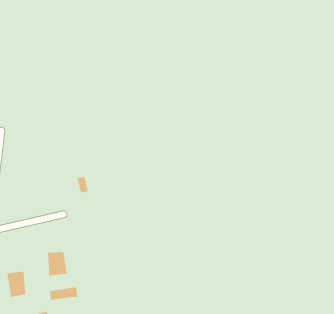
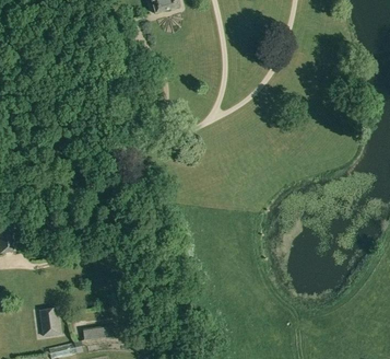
building: [47,251,68,276] -> none

